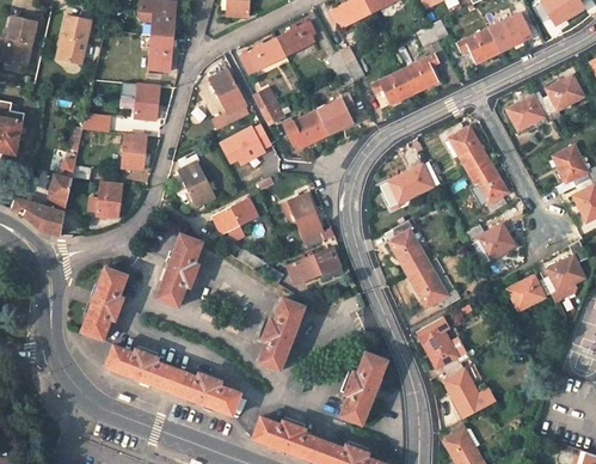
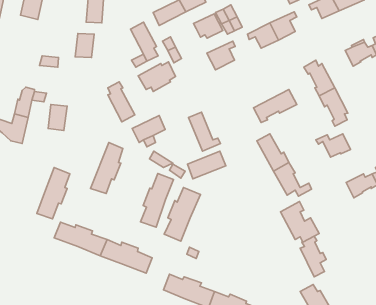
building: [285,111,326,145] -> [193,14,223,38]
building: [121,134,147,169] -> none
building: [340,353,386,427] -> [140,173,173,227]

